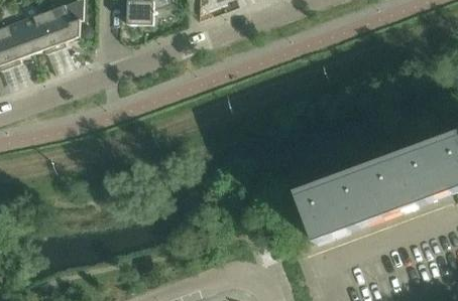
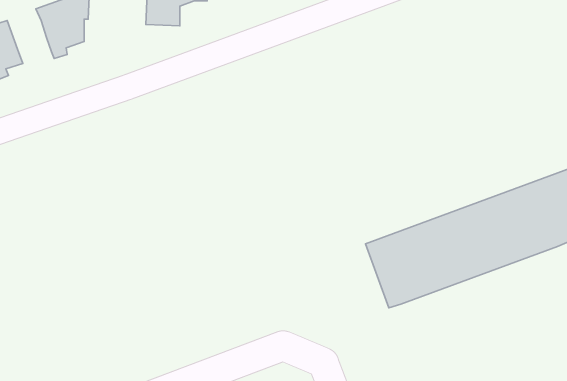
building: [19,12,55,54] -> none

